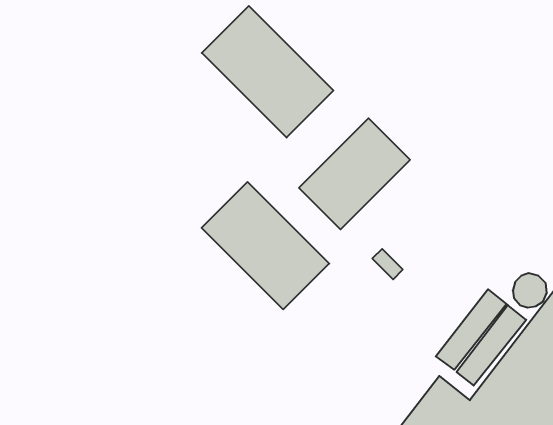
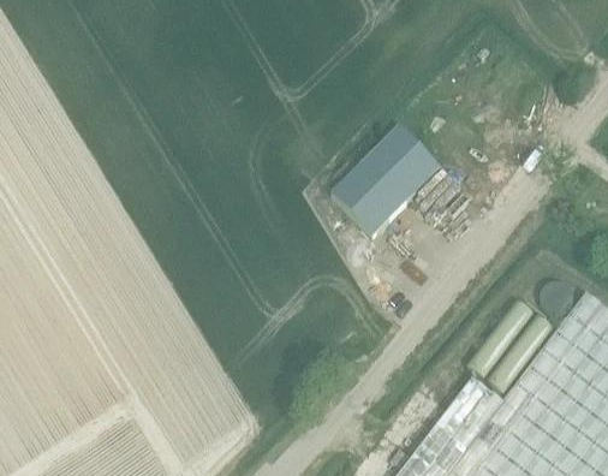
building: [202,6,333,138] -> none
building: [202,182,329,309] -> none

